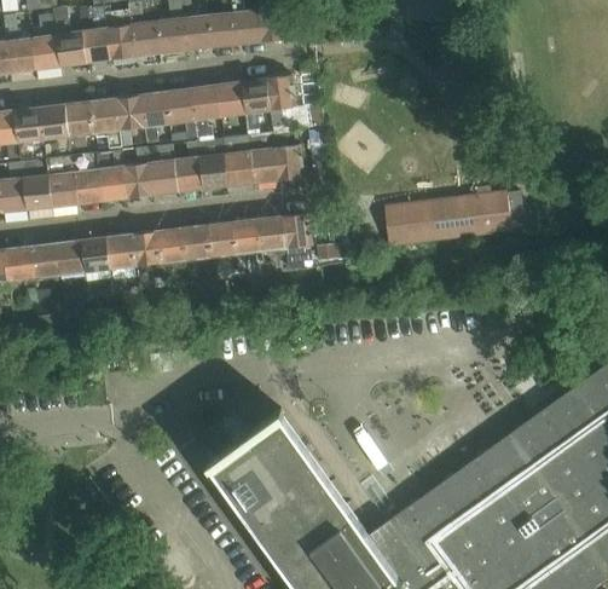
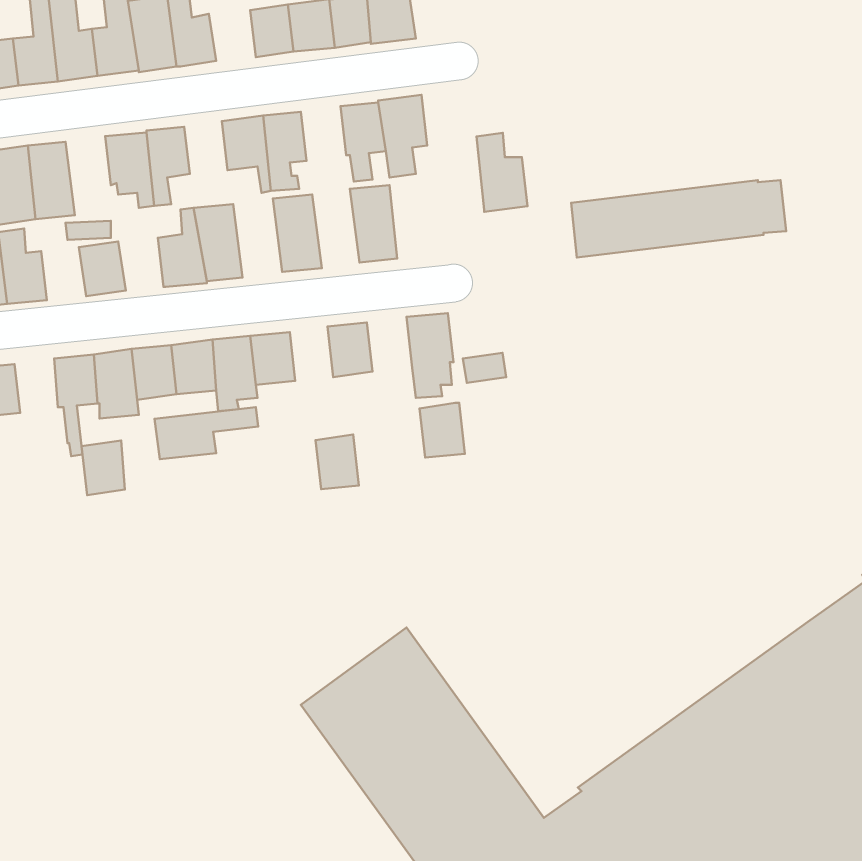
building: [152,19,183,52] -> none
building: [212,81,241,116] -> none
building: [137,91,164,142] -> none
building: [60,100,89,151] -> none
building: [268,129,301,180] -> [477,133,527,212]
building: [219,134,249,185] -> none
building: [168,140,199,191] -> none
building: [94,151,123,200] -> none
building: [45,172,74,206] -> none
building: [384,195,522,244] -> [571,180,786,257]
building: [254,216,283,252] -> [419,403,465,458]
building: [204,223,232,258] -> [316,435,359,489]
building: [28,243,56,278] -> [82,440,125,495]
building: none -> [154,407,258,459]

